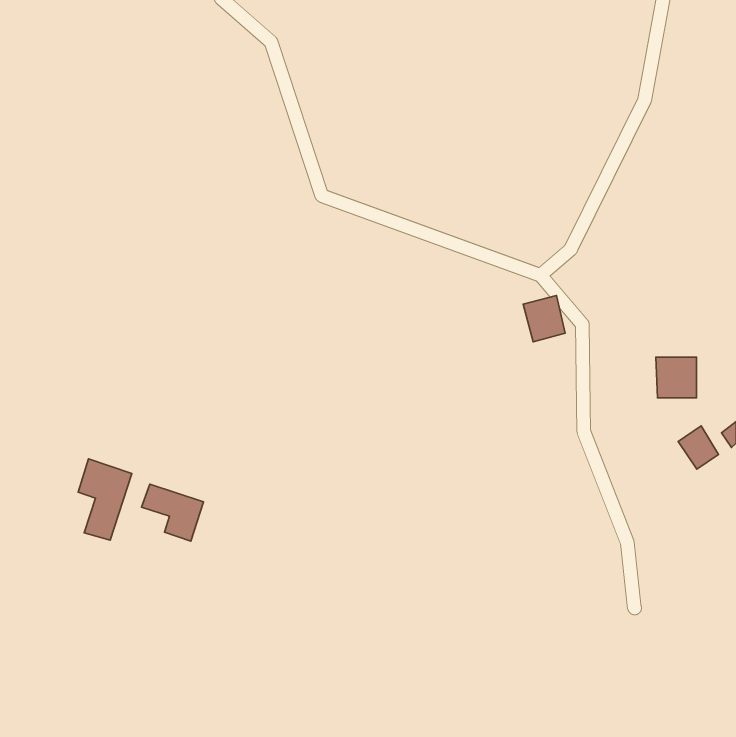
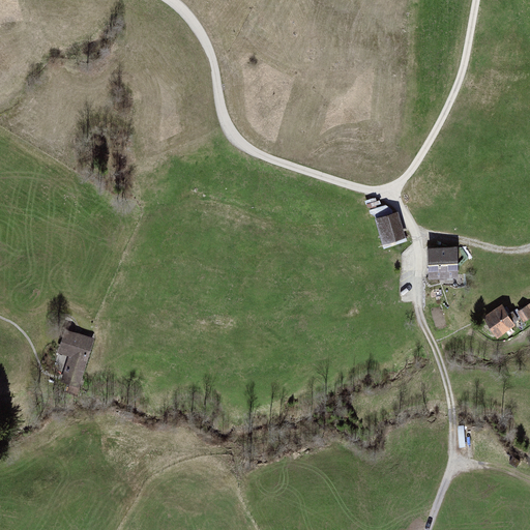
building: [656,357,697,398] -> [428,247,457,276]
building: [141,484,204,541] -> none

